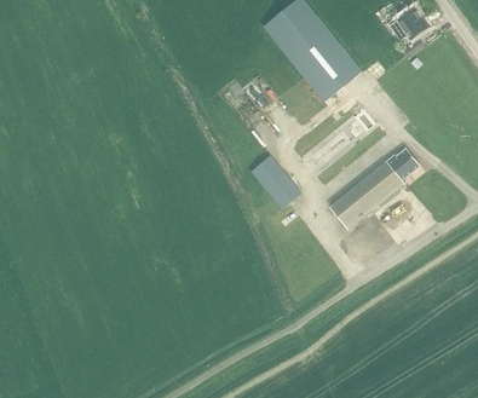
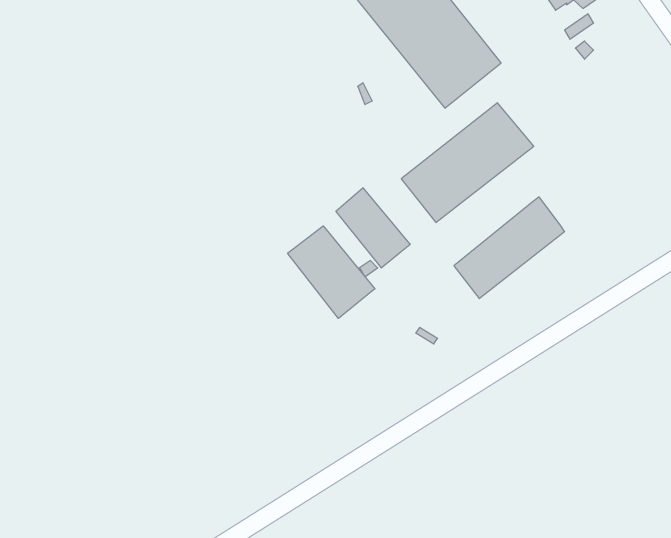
building: [386,148,419,180] -> none
building: none -> [288,226,375,318]

